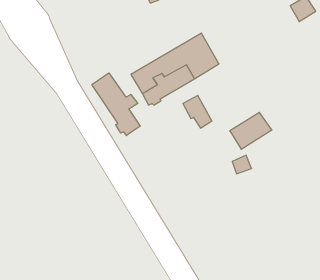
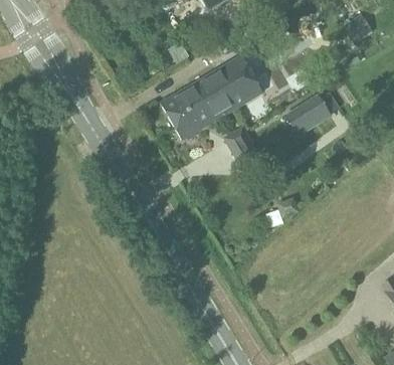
building: [92,73,140,136] -> none
building: [230,112,272,149] -> [283,93,332,135]

